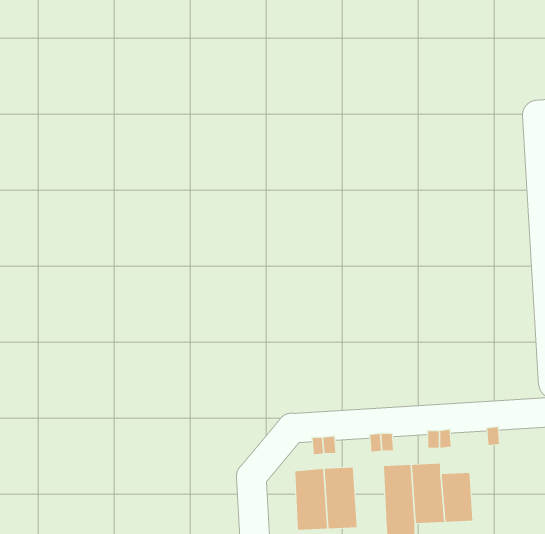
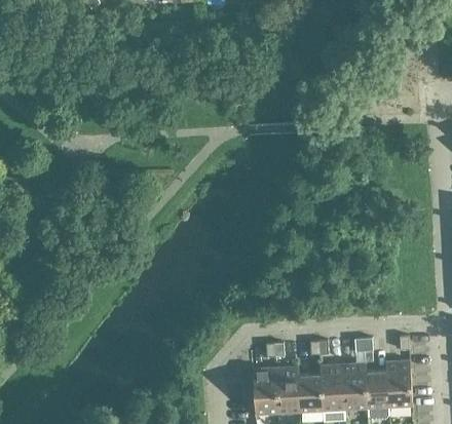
building: none -> [387,360,413,408]
building: none -> [298,365,323,413]

